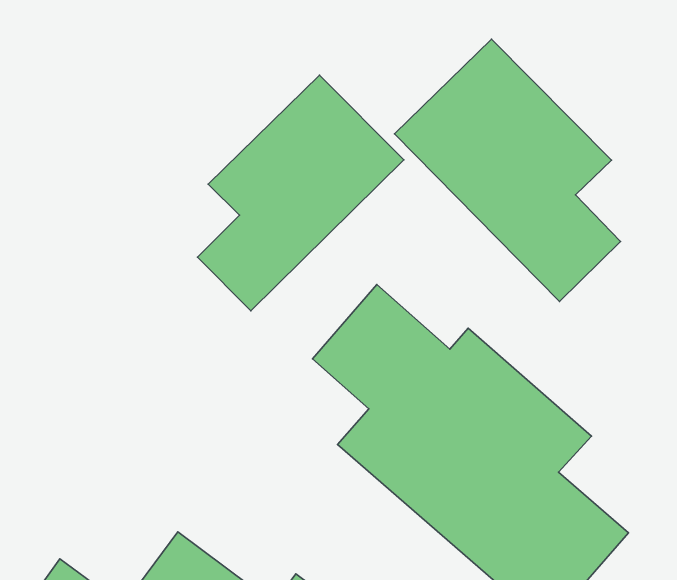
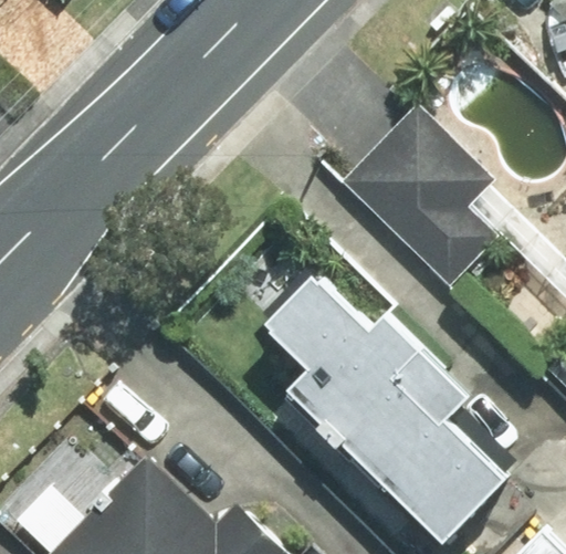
building: [198,75,404,311] -> none

